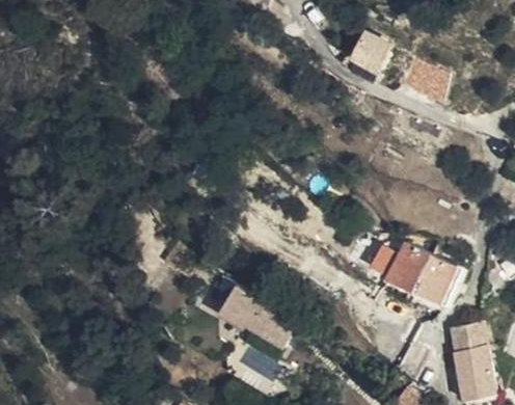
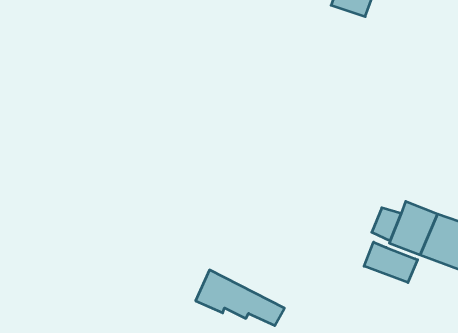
building: none -> [364,242,418,283]

